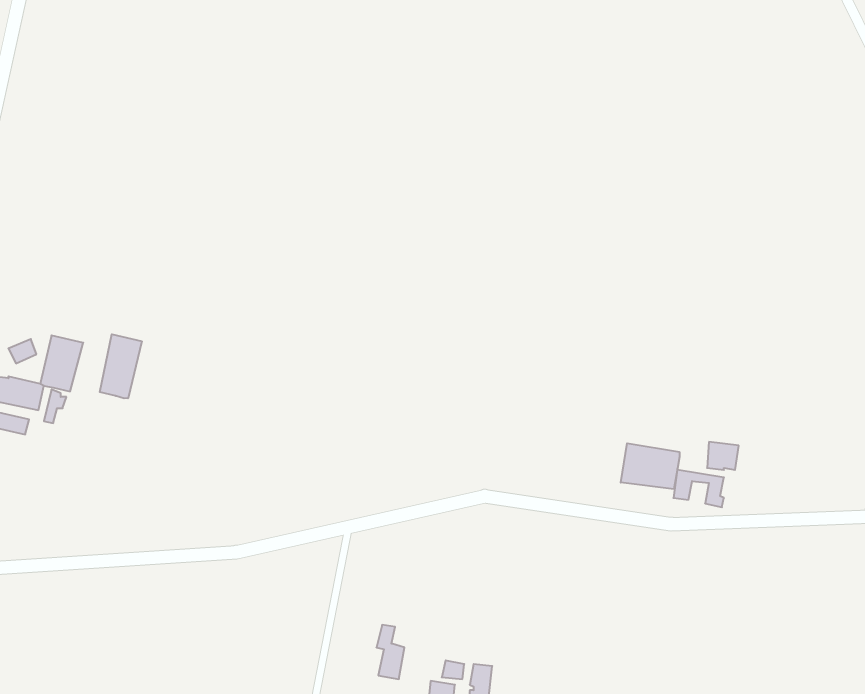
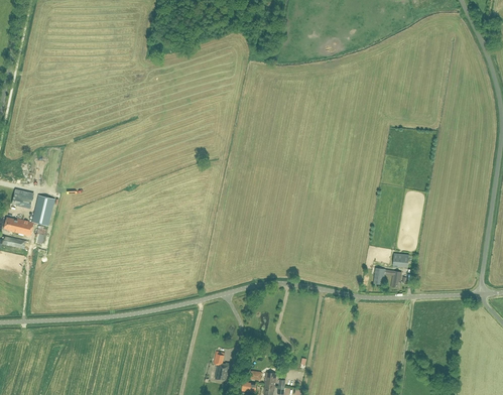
building: [100,334,142,398] -> none
building: [621,443,680,489] -> none

